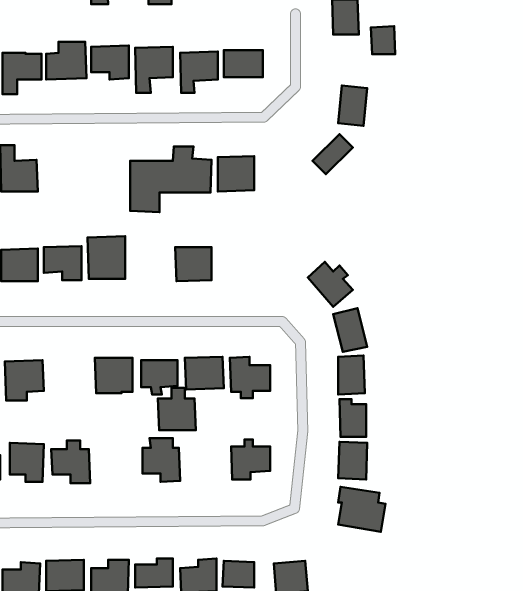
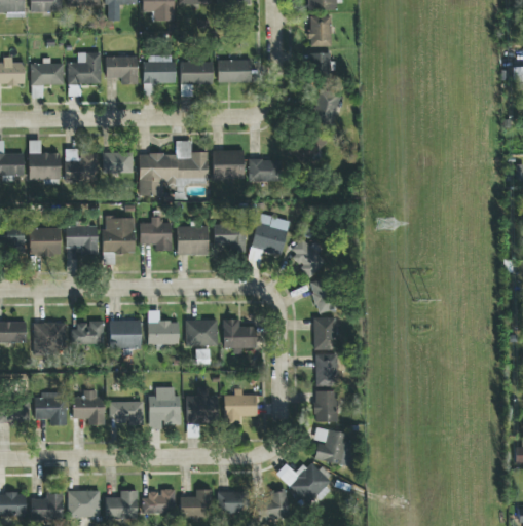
building: [371,26,395,54] -> [311,52,332,76]
building: none -> [65,150,97,181]
building: none -> [102,152,134,174]
building: none -> [248,158,282,182]
building: none -> [249,214,289,261]
building: none -> [140,218,172,251]
building: none -> [214,224,246,250]
building: none -> [72,321,104,345]
building: [158,388,196,430] -> [186,386,218,422]
building: none -> [110,401,144,422]
building: none -> [277,459,332,503]

